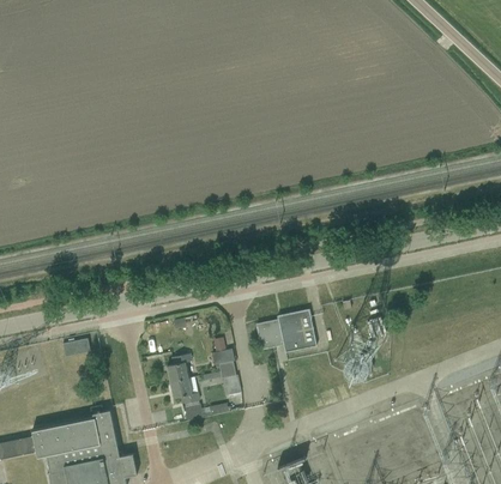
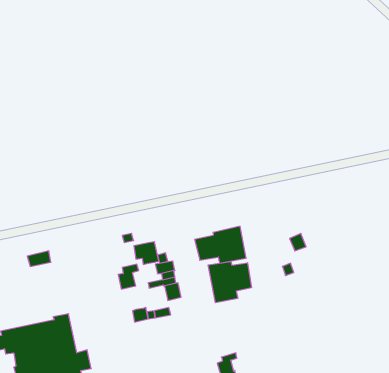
building: none -> [208,262,251,303]
building: [170,377,199,404] -> [134,242,159,264]

